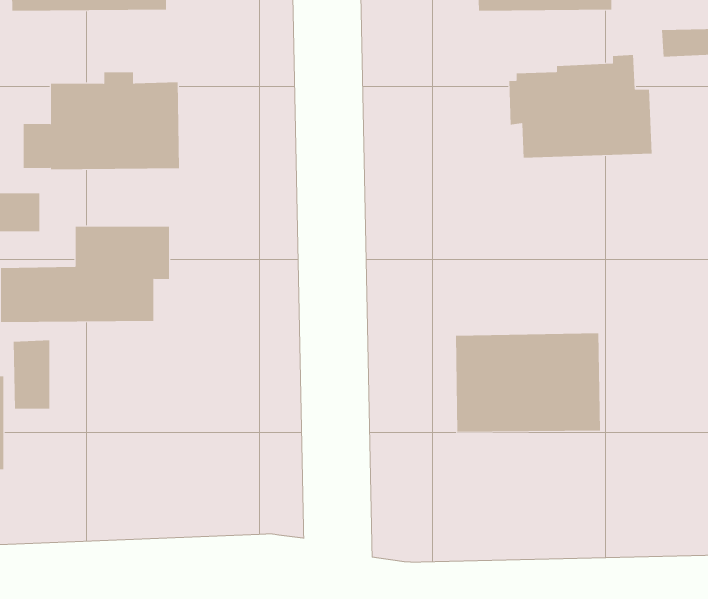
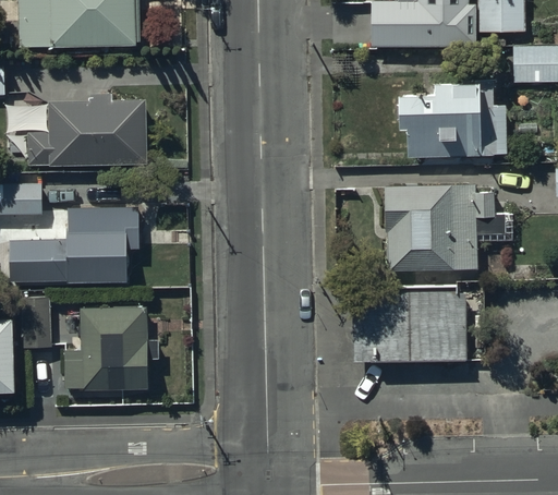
building: none -> [383,184,510,271]
building: none -> [64,307,158,390]

